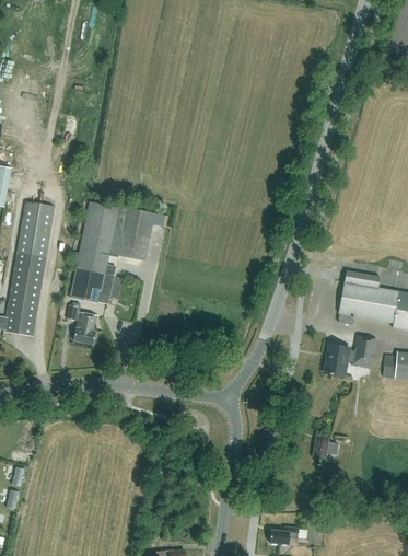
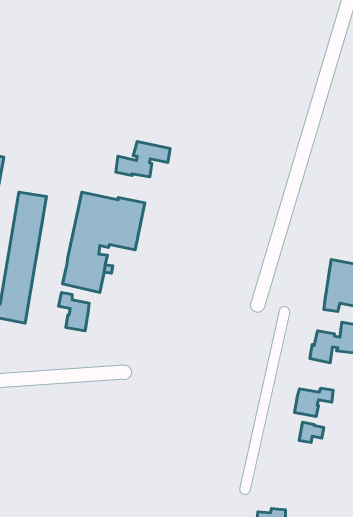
building: none -> [116,142,170,177]
building: none -> [294,388,333,416]

